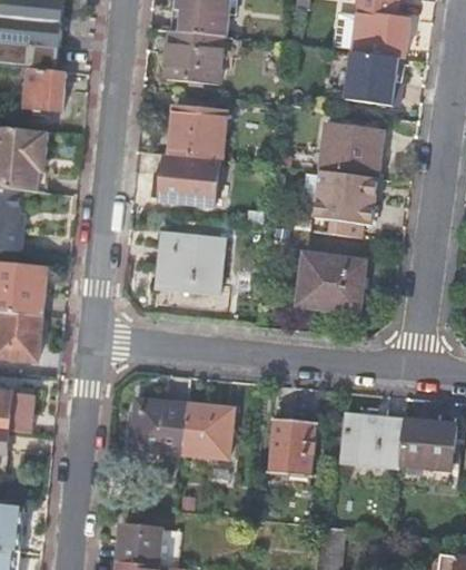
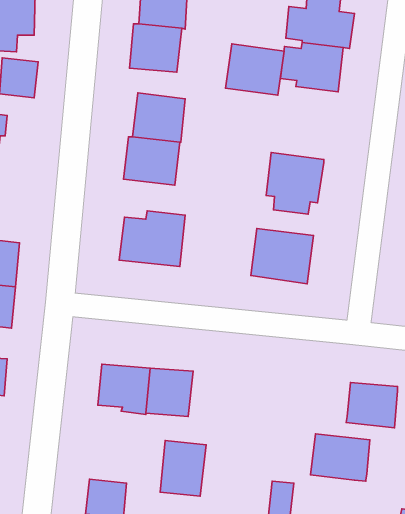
building: [319,122,383,178] -> [226,44,284,95]
building: [340,413,405,464] -> [310,434,370,481]
building: [268,417,318,478] -> [160,441,206,496]

